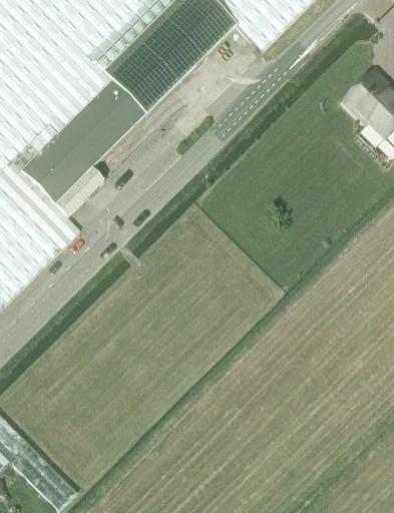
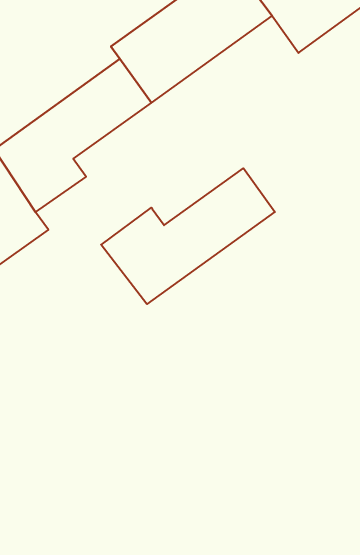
building: none -> [101,168,275,304]

